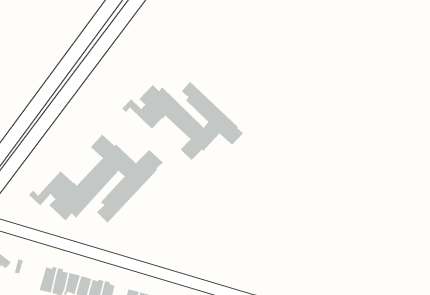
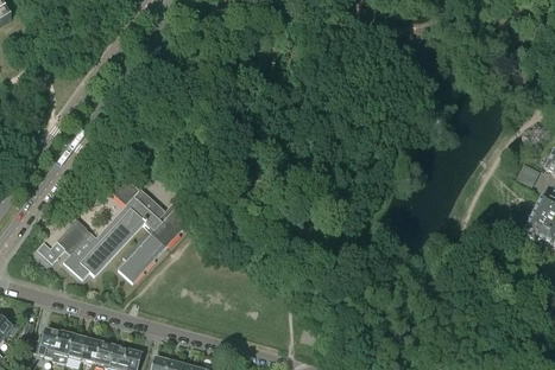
building: [121,81,244,161] -> none
building: none -> [29,328,58,357]

